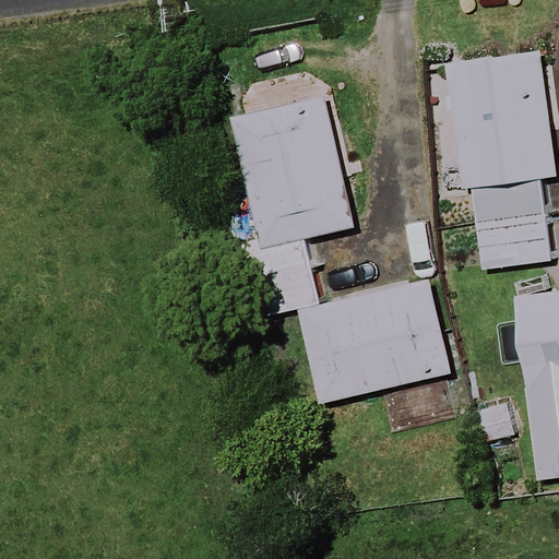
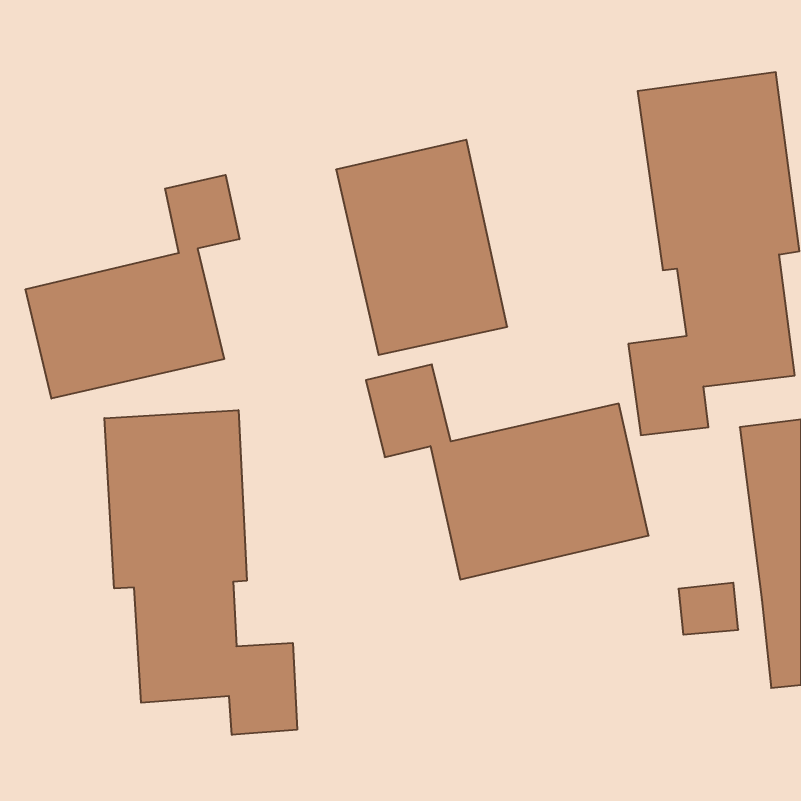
building: none -> [26,175,239,399]
building: none -> [104,410,297,735]

